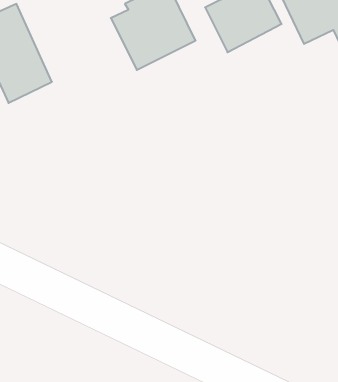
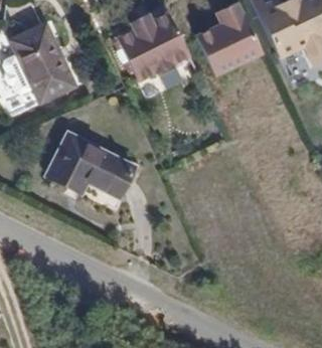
building: none -> [39,132,134,201]

